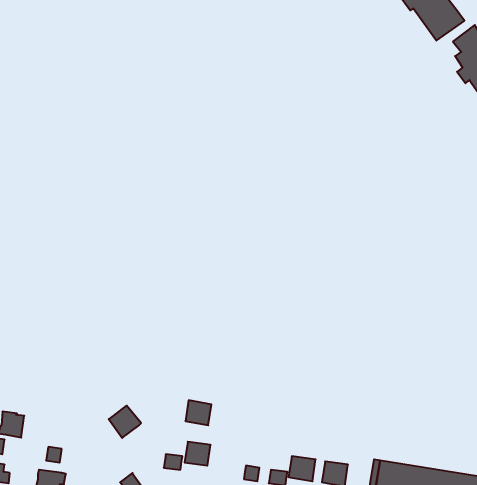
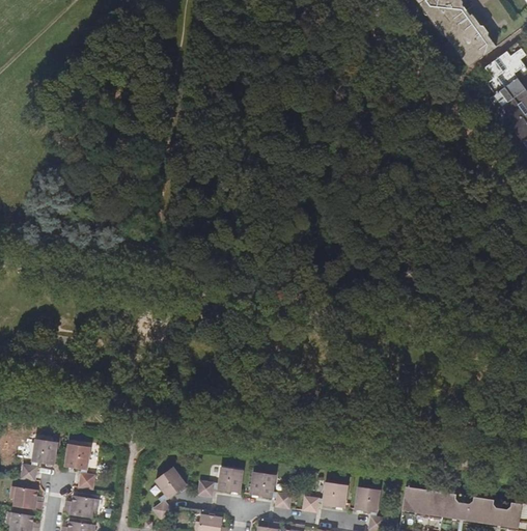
building: [185,400,211,425] -> [250,472,276,497]
building: [109,406,141,438] -> [156,467,188,499]
building: none -> [64,444,91,469]

